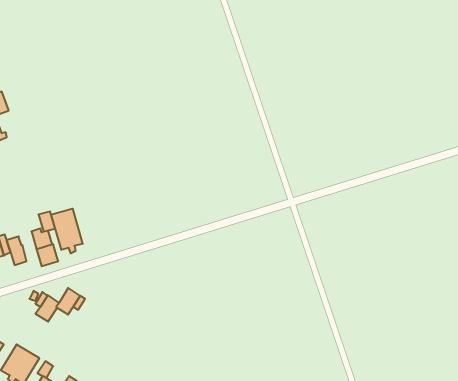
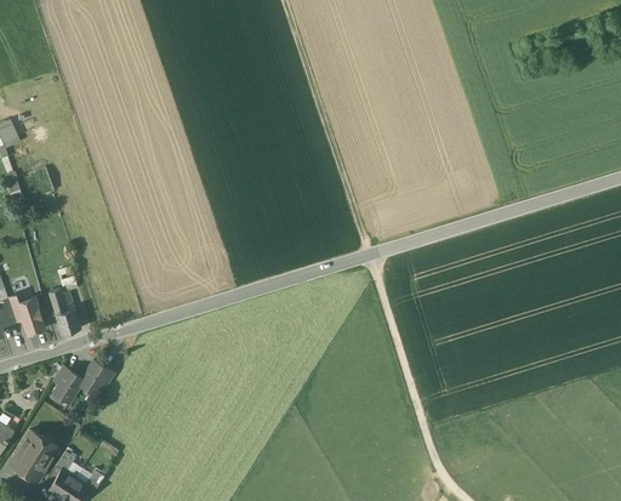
building: [51,209,83,253] -> none

